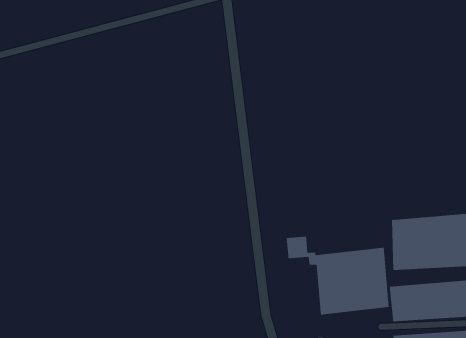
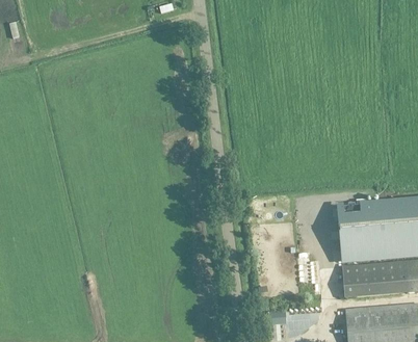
building: [286,236,390,315] -> none

